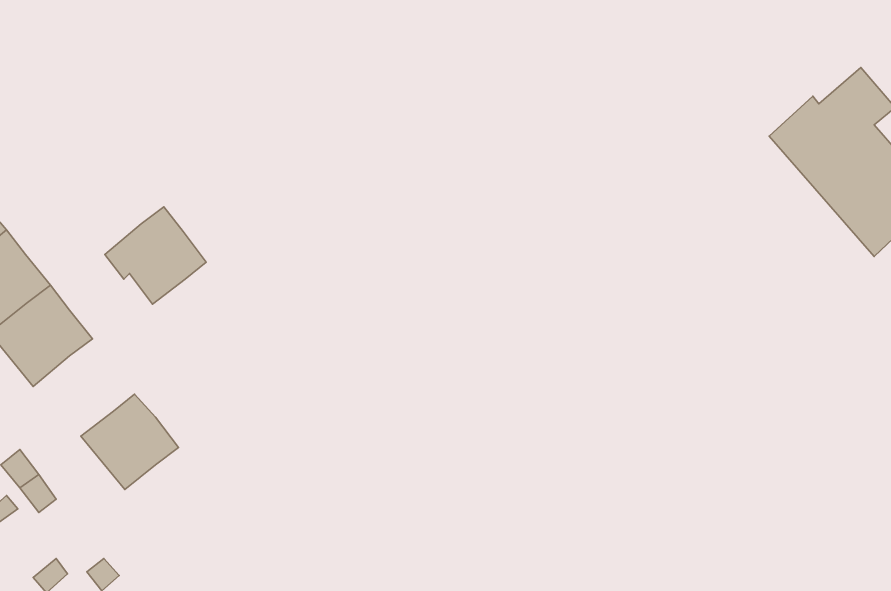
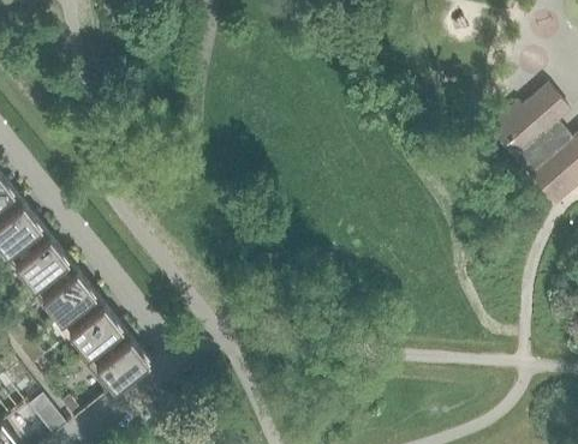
building: [105,207,206,304] -> [26,257,90,318]
building: none -> [77,325,147,394]

